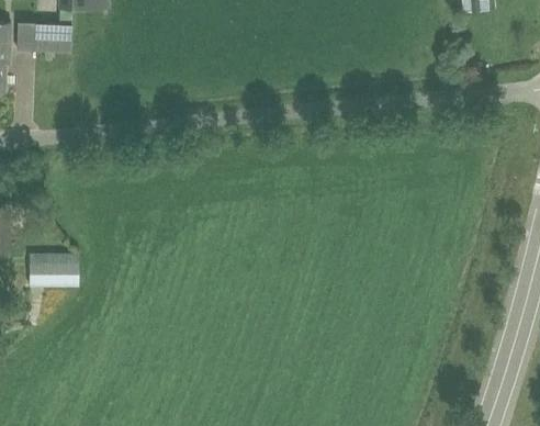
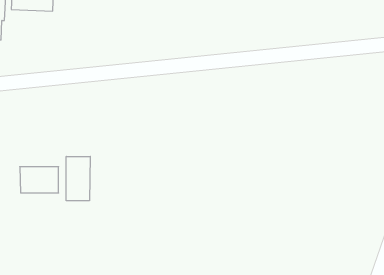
building: none -> [66,156,90,201]

